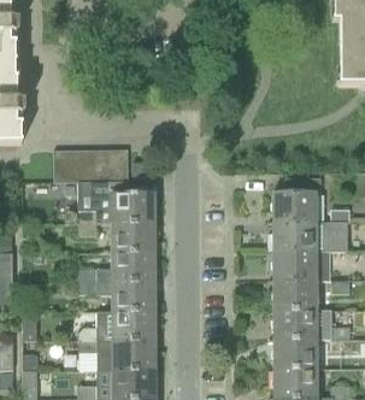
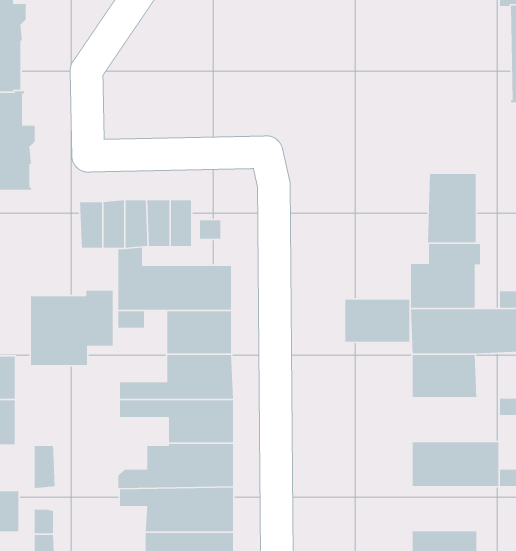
building: none -> [427,173,476,243]
building: none -> [30,290,113,366]
building: [273,281,317,310] -> [345,299,410,343]
building: [273,340,317,369] -> none

